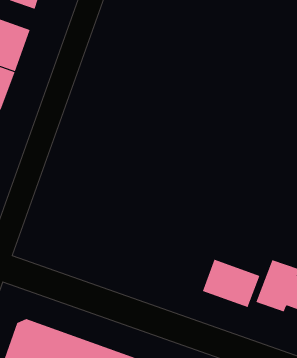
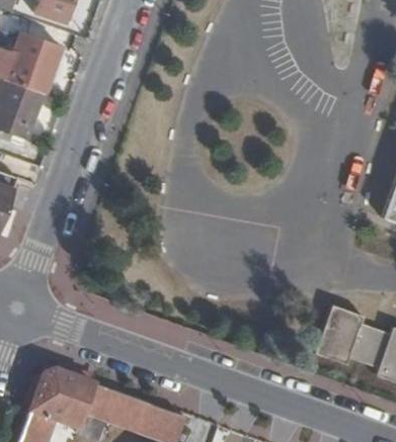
building: [202,259,260,308] -> none

